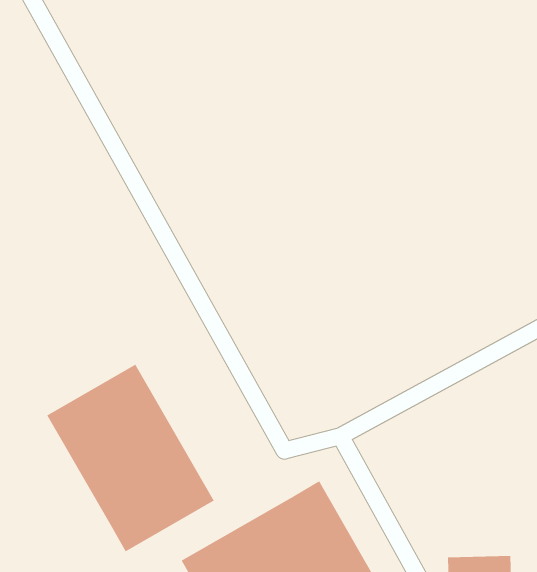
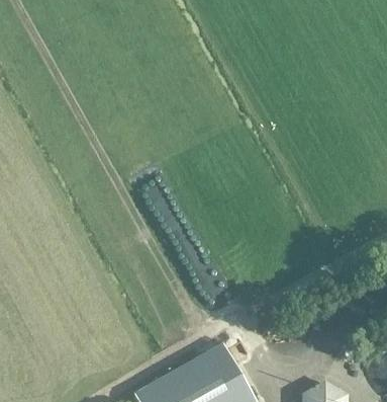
building: [47,364,214,552] -> none

